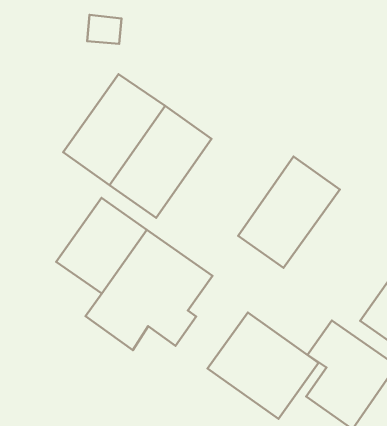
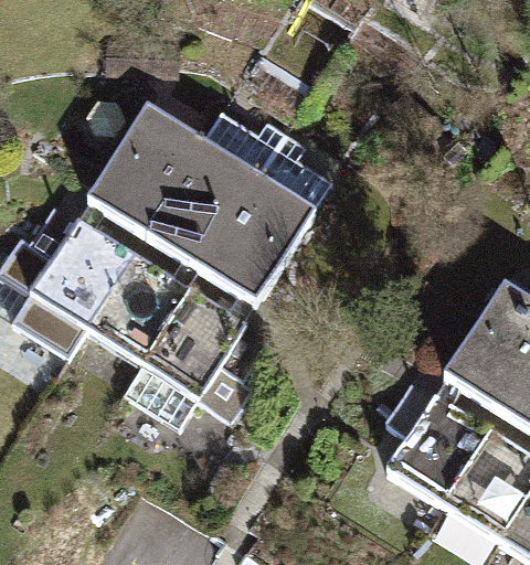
building: none -> [29,200,135,327]
building: [238,157,340,268] -> [200,173,316,303]
building: [208,312,319,419] -> none

